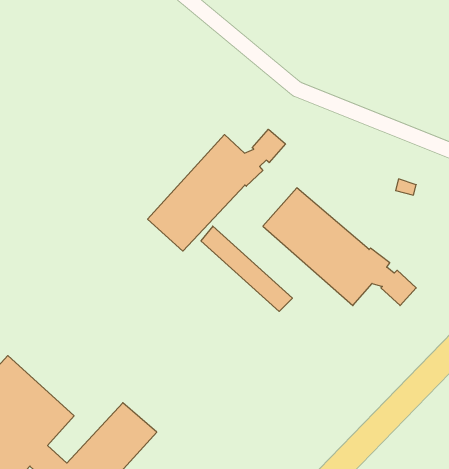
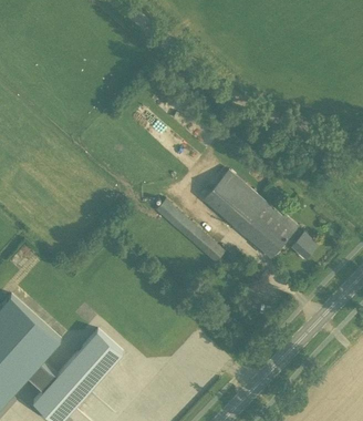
building: [148,129,285,251] -> none

